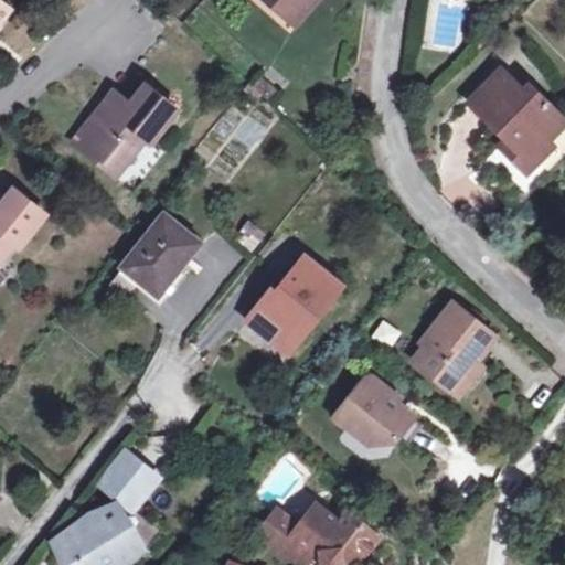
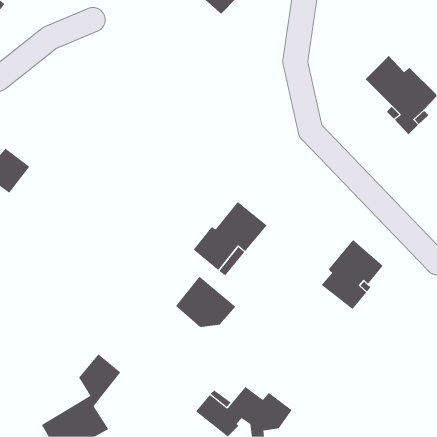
building: [72,86,175,170] -> none
building: [121,215,196,295] -> none
building: [335,381,414,447] -> [175,276,236,327]

